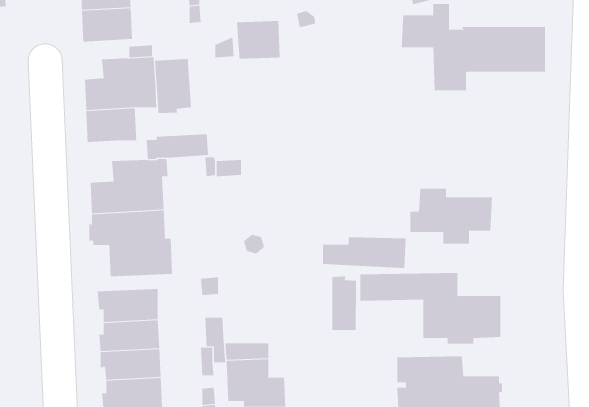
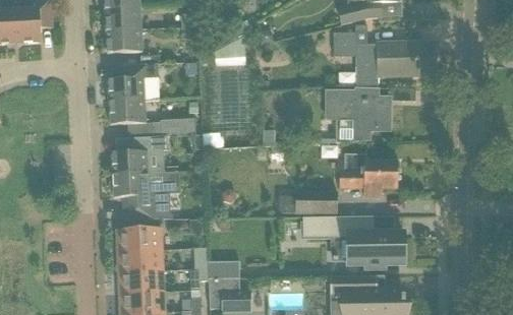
building: [155,58,191,114] -> none
building: none -> [327,87,391,142]
building: [332,276,356,331] -> none

